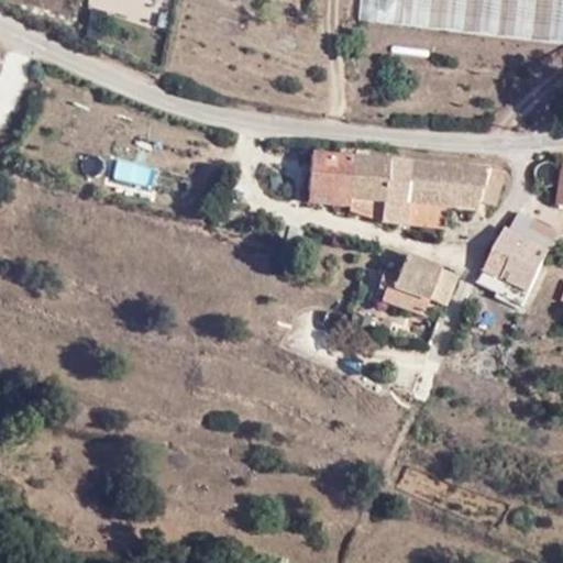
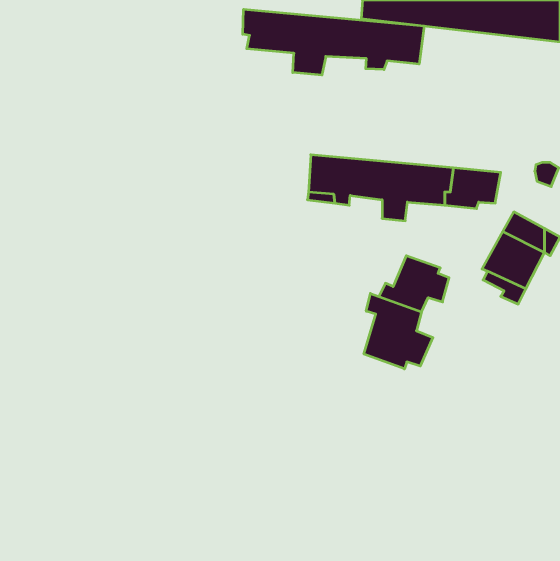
building: none -> [243,9,424,75]
building: none -> [364,293,433,369]

